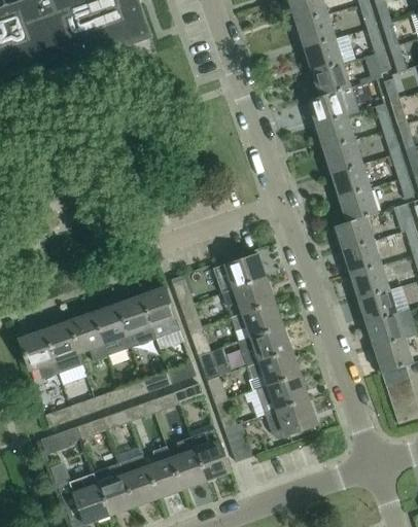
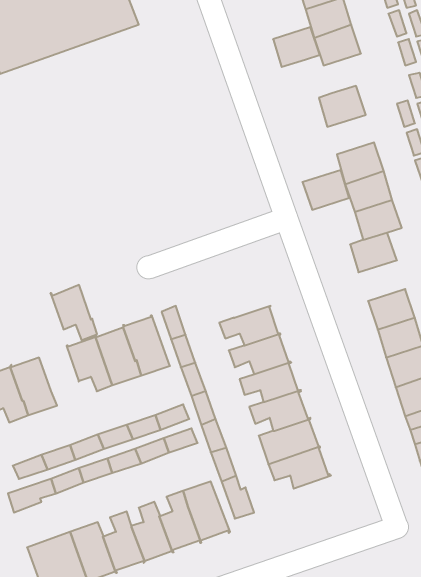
building: [312,62,352,96] -> [273,27,320,67]
building: [315,114,355,148] -> [302,170,349,210]
building: [342,239,382,274] -> none
building: [214,253,267,288] -> none
building: [67,313,107,360] -> [50,285,97,340]

